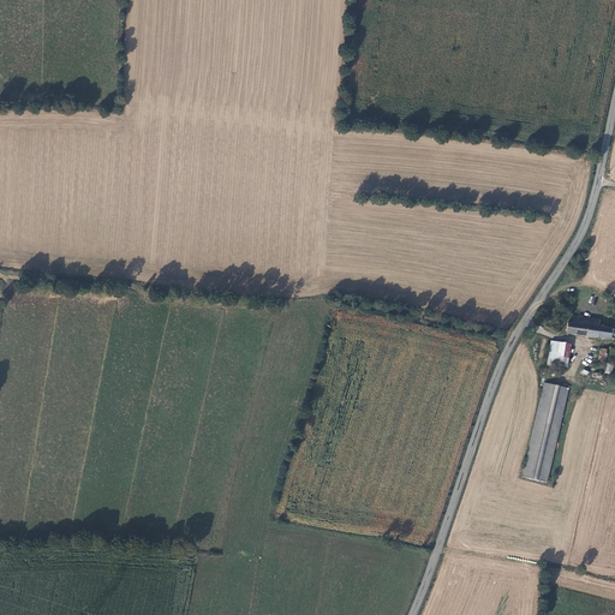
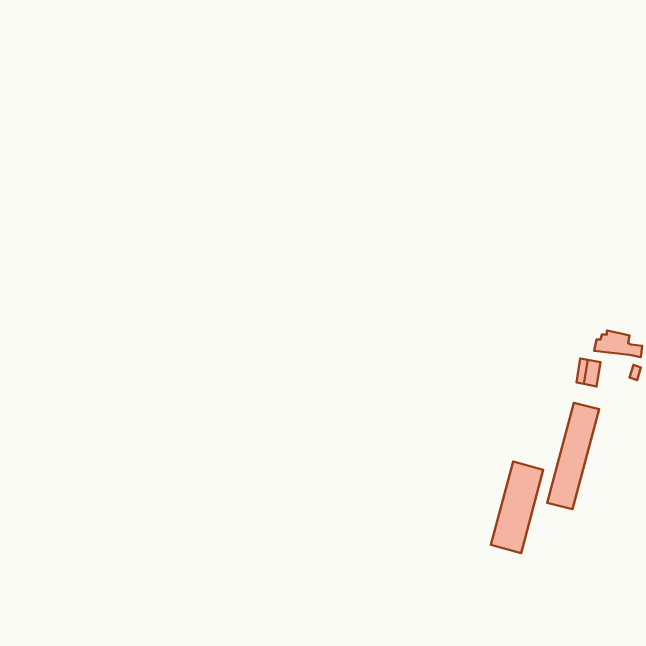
building: none -> [491,461,543,553]

